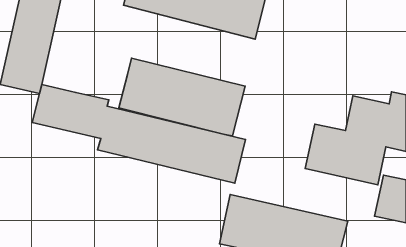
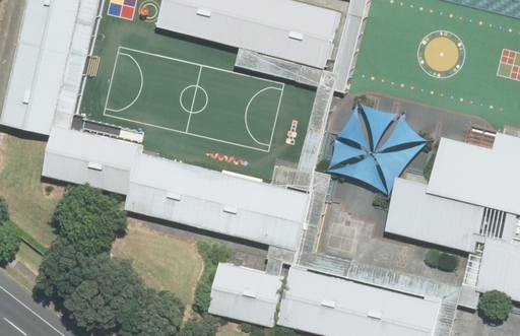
building: [119,58,245,136] -> none
building: none -> [206,264,282,325]

